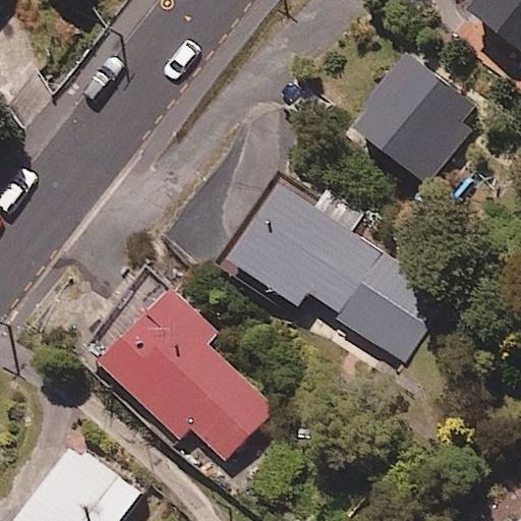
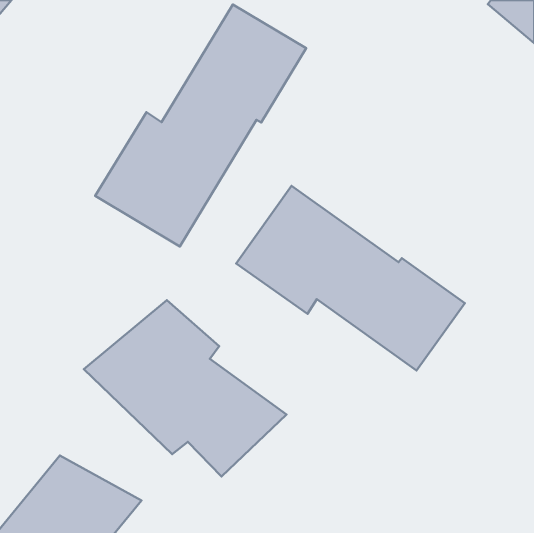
building: none -> [95,4,306,246]
building: [354,51,487,185] -> none

